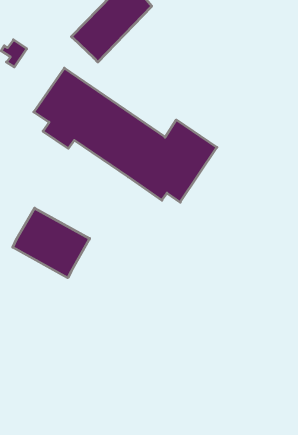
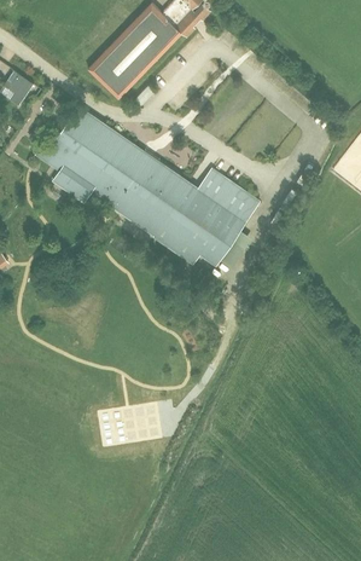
building: [13,208,90,278] -> none

